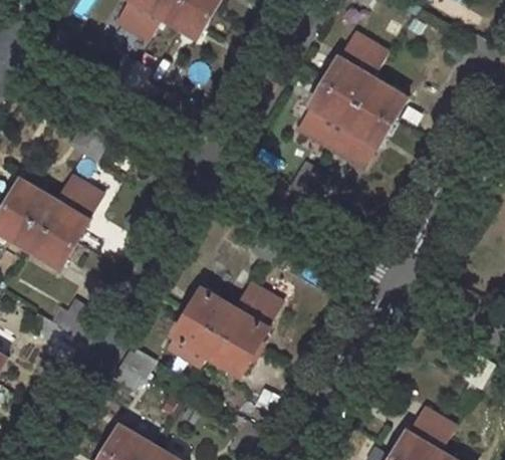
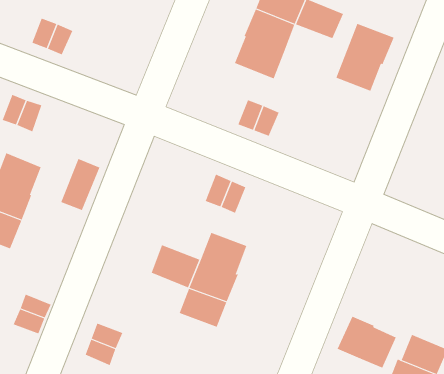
building: [331,99,393,166] -> [336,23,394,92]
building: none -> [60,158,100,211]
building: [174,311,220,354] -> none
building: none -> [337,316,397,369]

